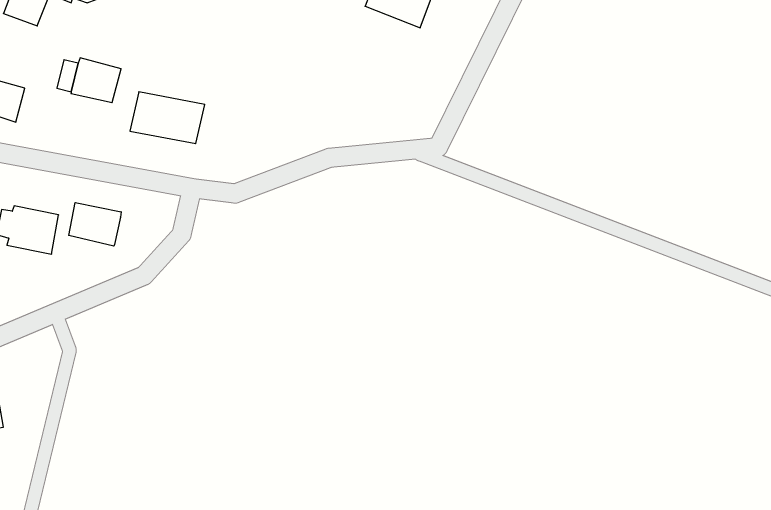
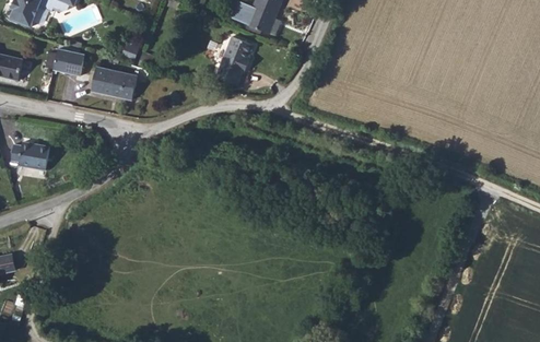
building: none -> [218,34,254,83]
building: [69,203,121,246] -> none

